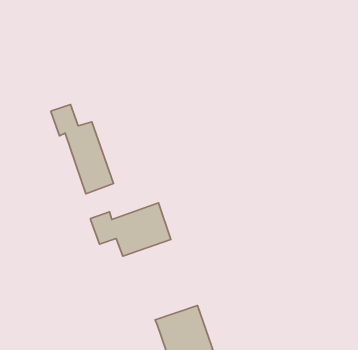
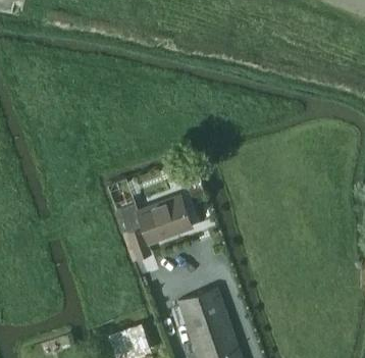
building: [51,105,113,194] -> none

